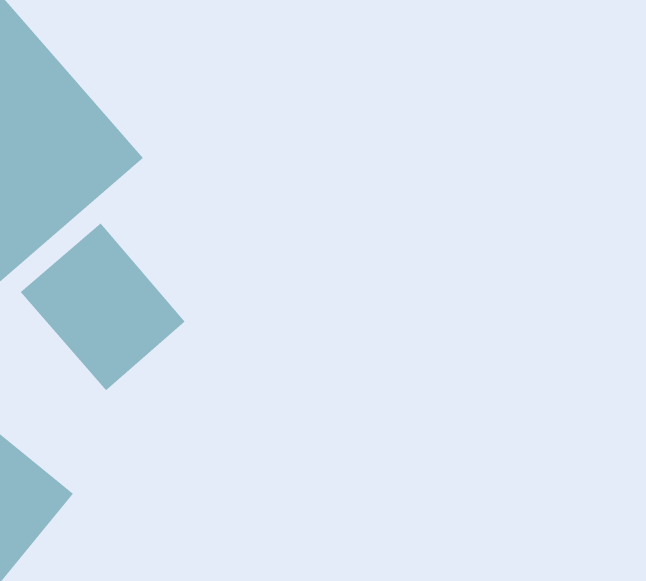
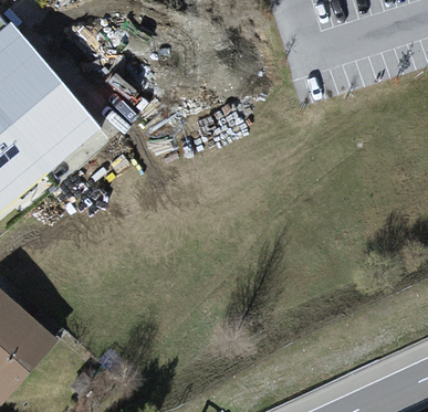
building: [20,223,185,391] -> none

